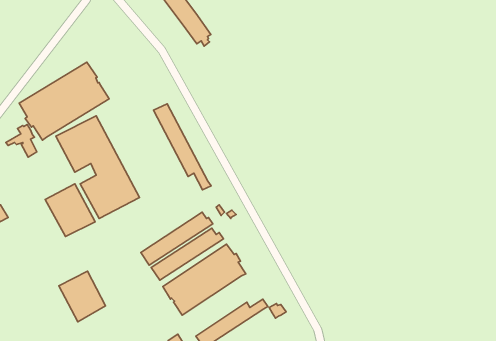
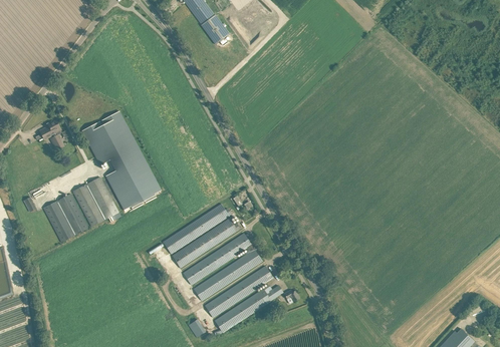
building: [19,62,109,140] -> none
building: [153,104,211,190] -> none
building: [59,271,105,322] -> [43,195,87,243]
building: none -> [204,266,272,318]

